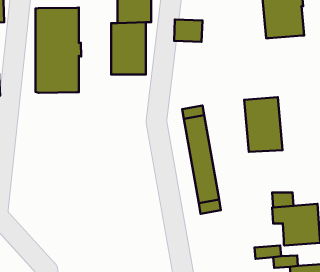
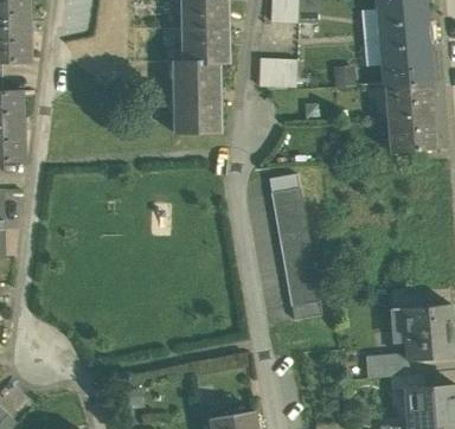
building: [36,8,81,93] -> none
building: [244,97,282,152] -> [385,79,436,153]

